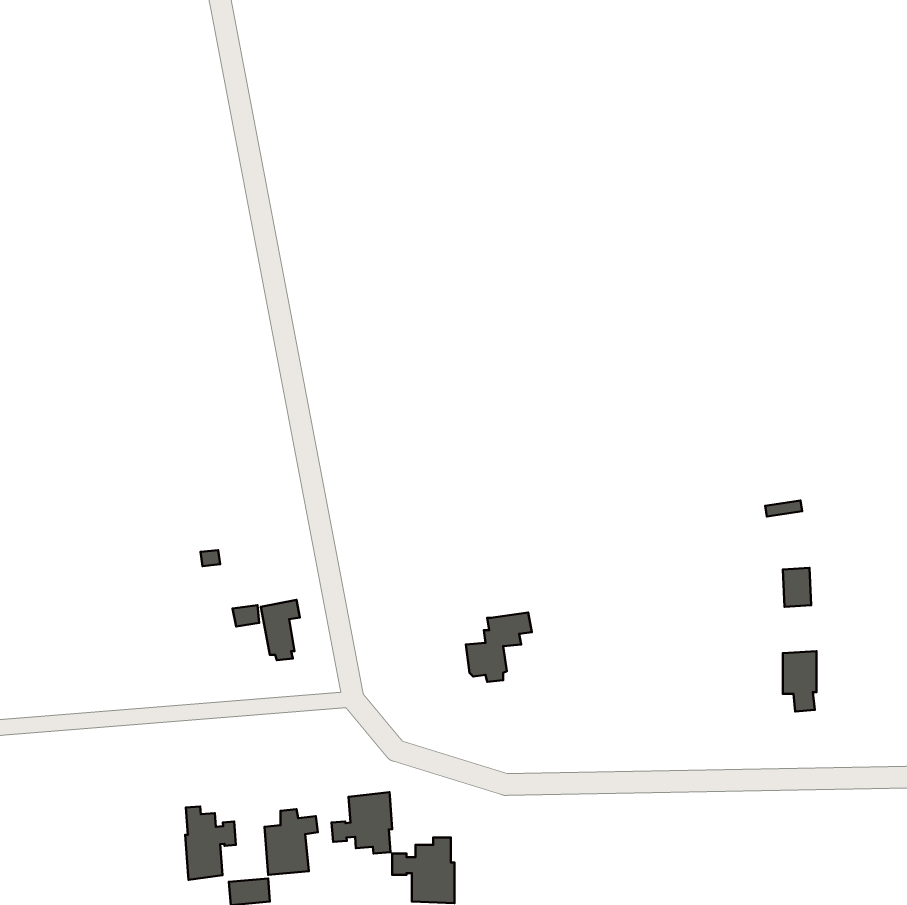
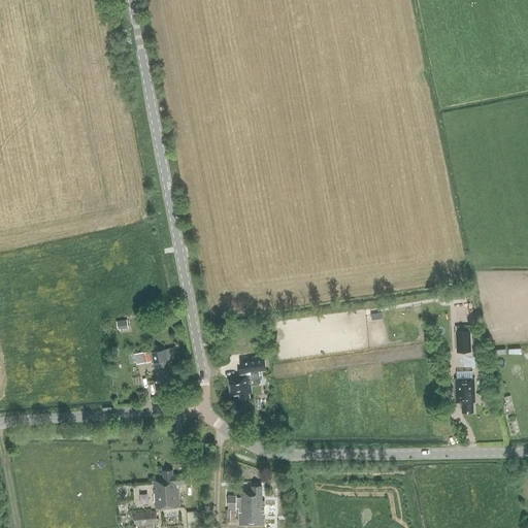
building: [466,613,532,682] -> [228,360,266,400]
building: [332,792,392,853] -> none
building: [185,807,236,880] -> none

